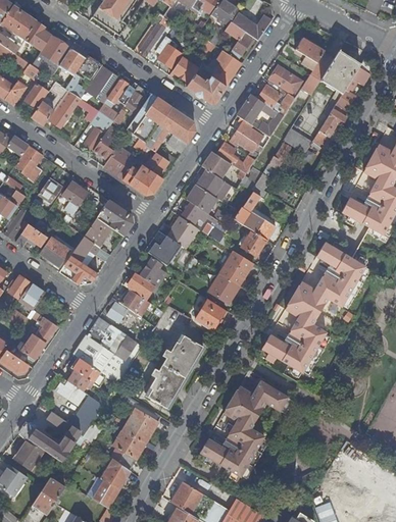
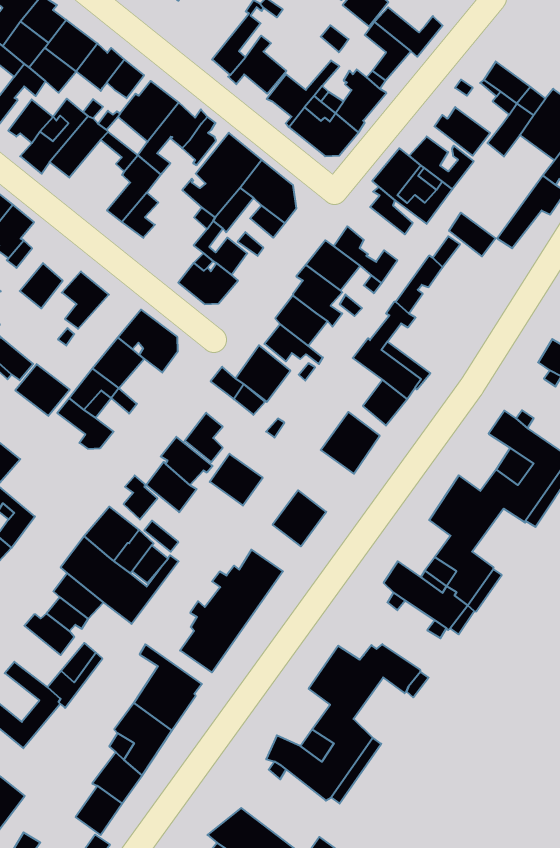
building: [230,129,262,159] -> none
building: [103,146,134,178] -> none
building: [208,273,239,303] -> [210,454,263,506]

